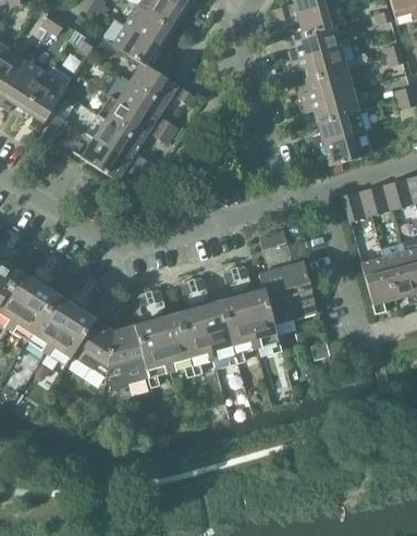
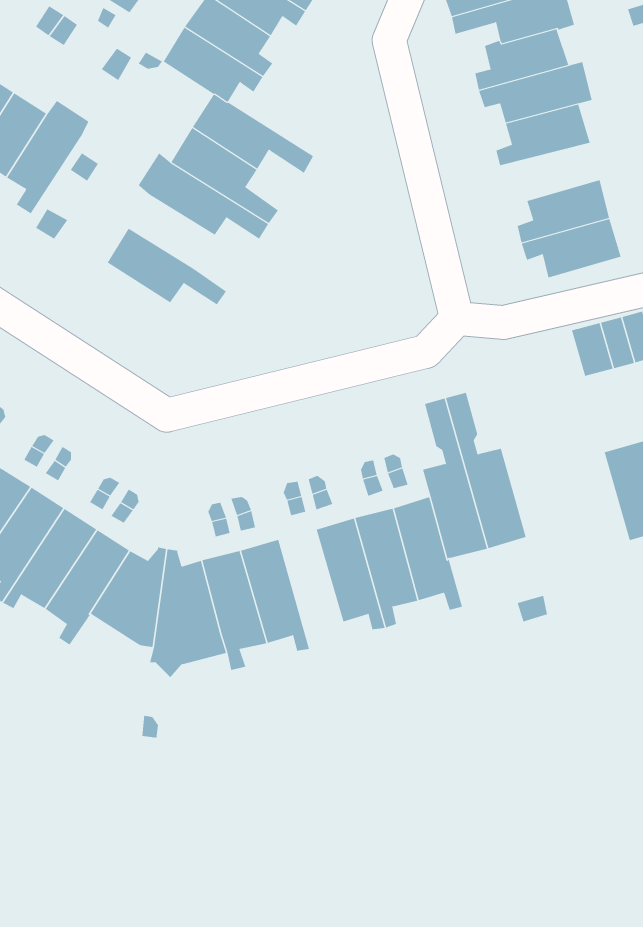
building: [303,88,359,121] -> none
building: [94,117,155,172] -> none
building: [179,306,214,373] -> none

